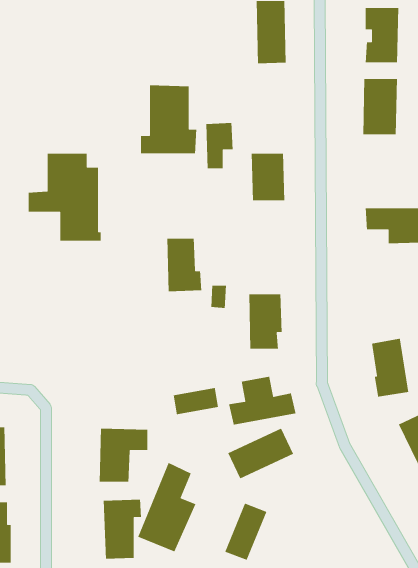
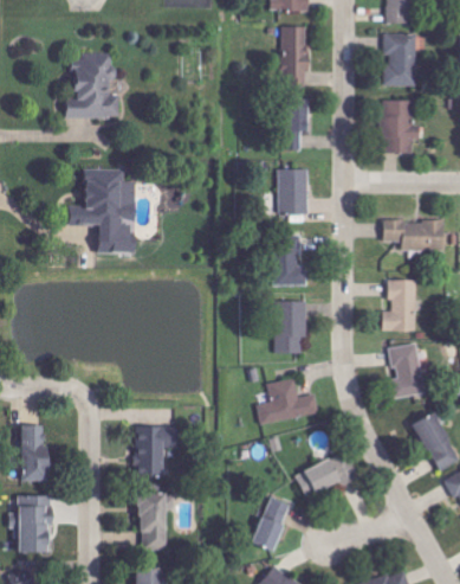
building: [140,85,197,154] -> [65,52,118,117]
building: [206,122,233,169] -> [283,105,309,149]
building: [167,238,202,292] -> [272,235,305,285]
building: none -> [381,280,415,332]
building: [173,387,219,415] -> none
building: [227,427,294,479] -> [294,451,357,500]
building: [137,462,196,553] -> none

